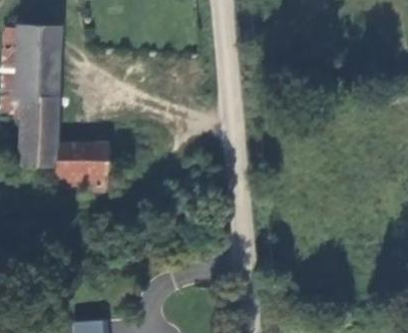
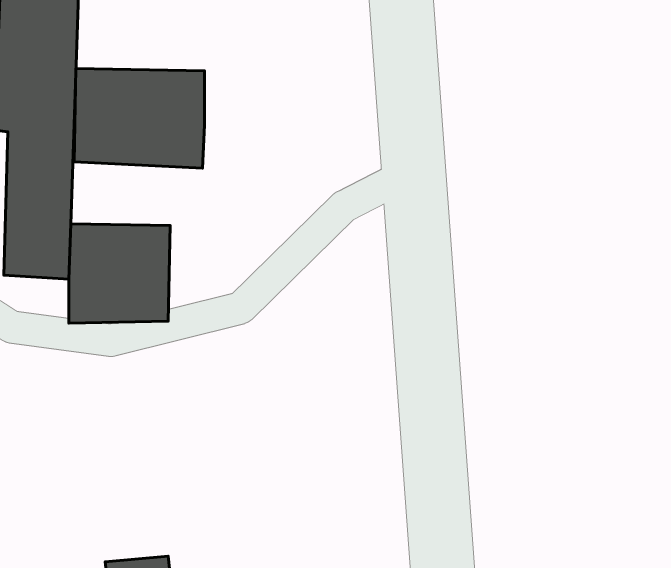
building: none -> [74,68,205,168]

